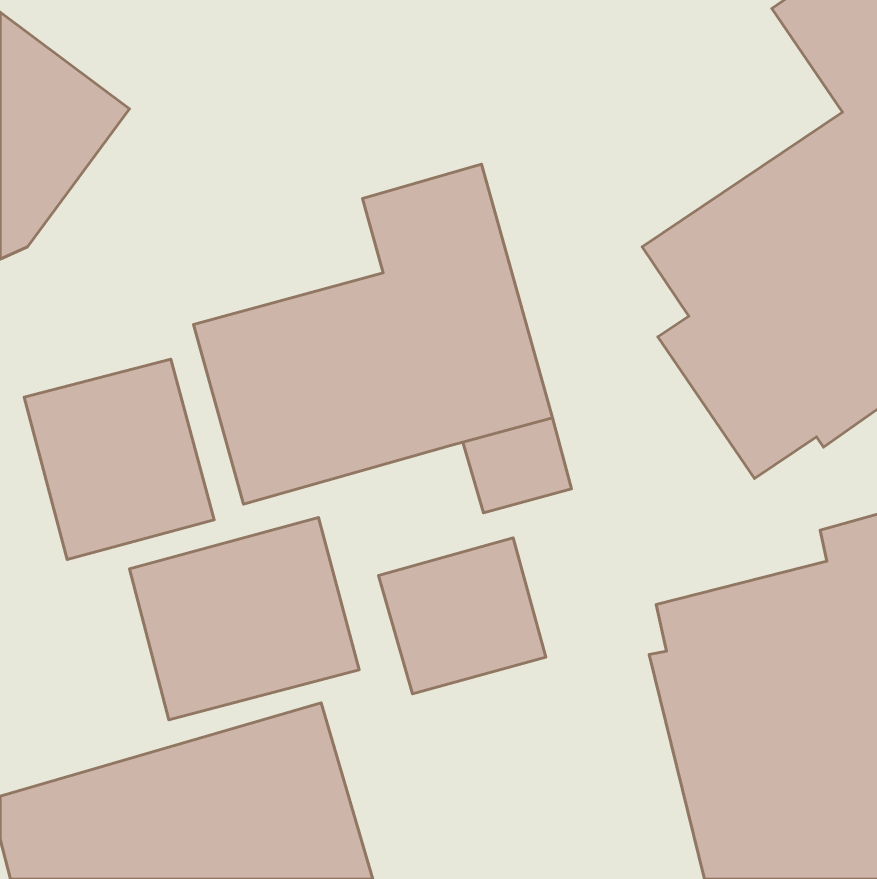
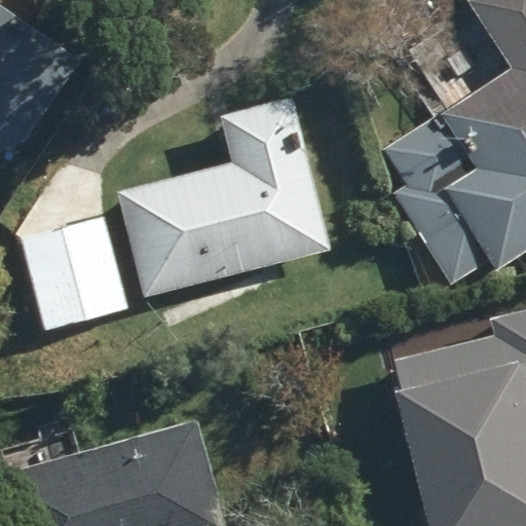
building: [129,517,359,720] -> none
building: [378,538,546,694] -> none

